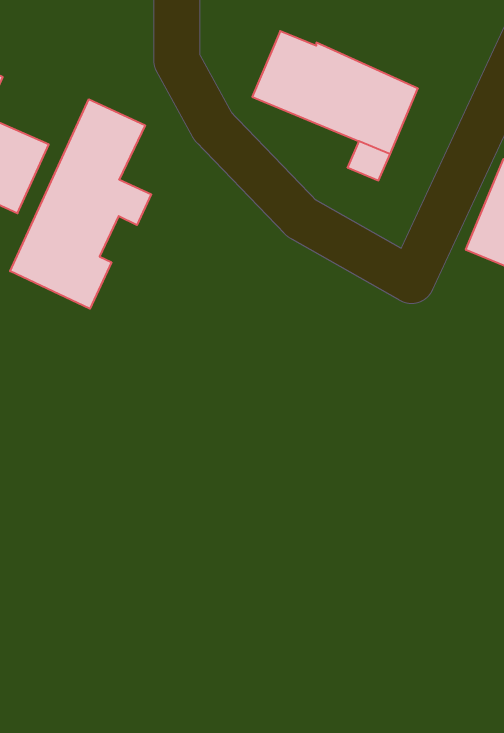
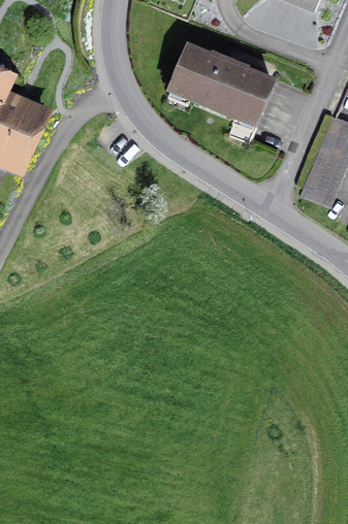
building: [10,99,151,309] -> none

